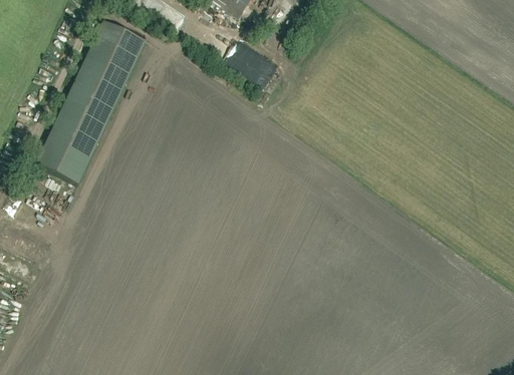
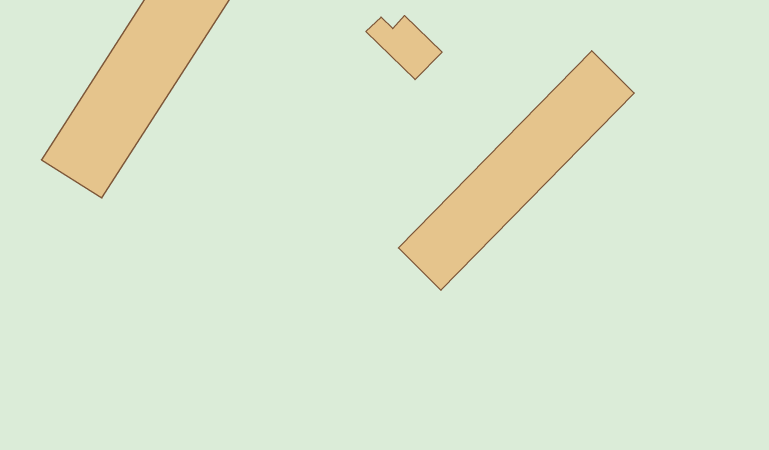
building: none -> [398,51,634,290]

